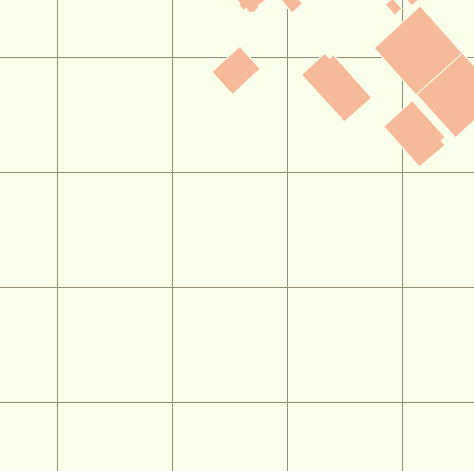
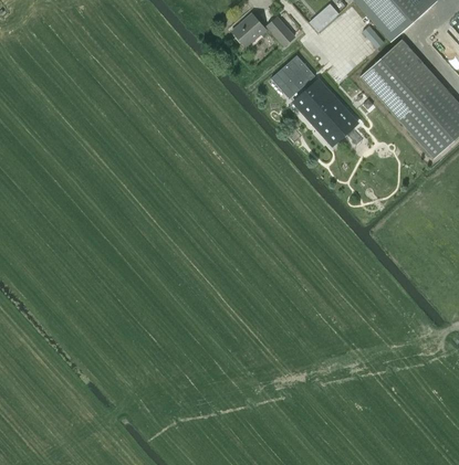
building: [212,46,260,95] -> [270,55,314,99]
building: [383,100,446,167] -> none

